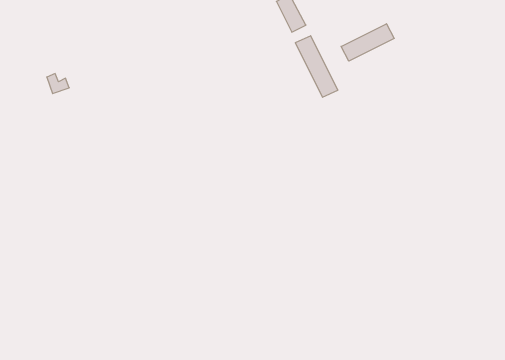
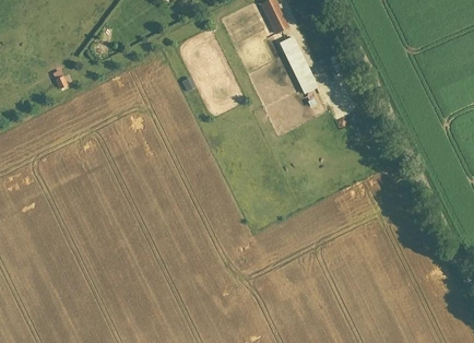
building: [341,24,394,61] -> none

